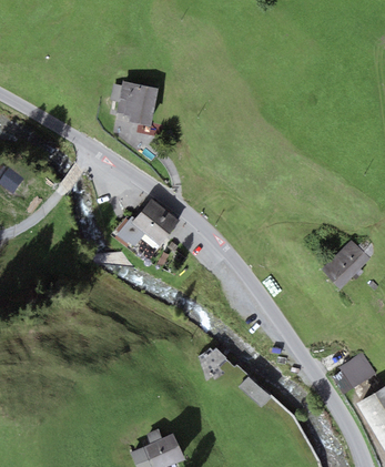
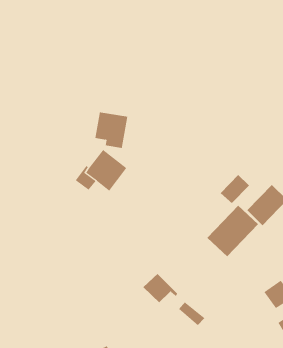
building: [118,82,158,125] -> [94,112,128,148]
building: none -> [220,174,250,204]
building: none -> [206,205,259,257]

